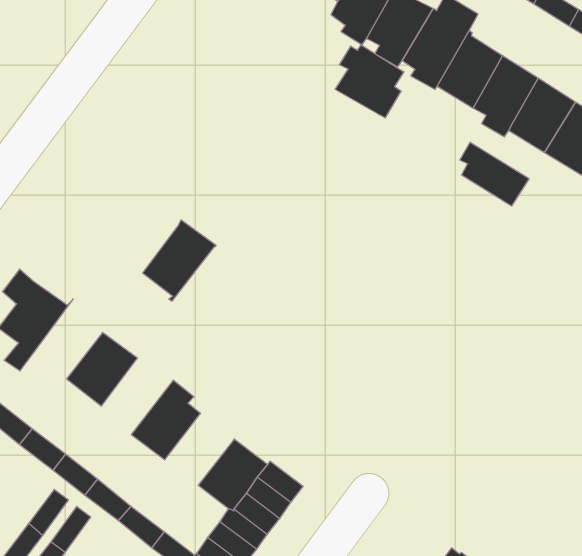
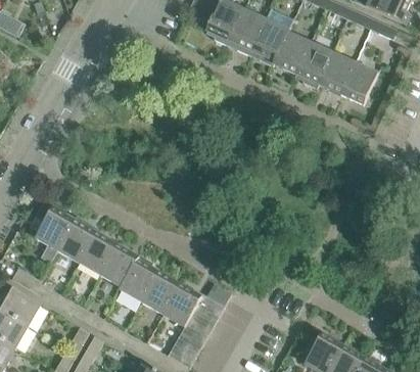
building: [335,45,404,118] -> none
building: [460,142,529,206] -> none
building: [142,220,216,301] -> [101,242,142,290]
building: none -> [57,216,96,263]
building: none -> [142,273,181,315]

